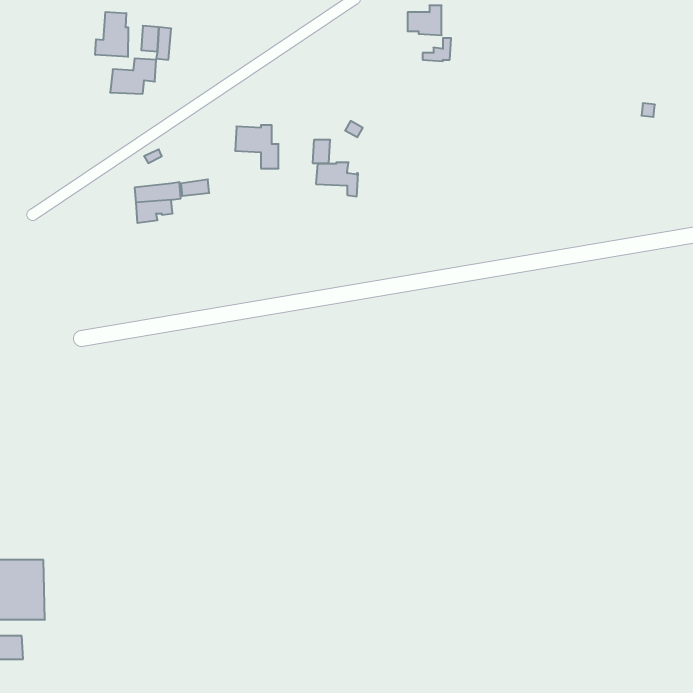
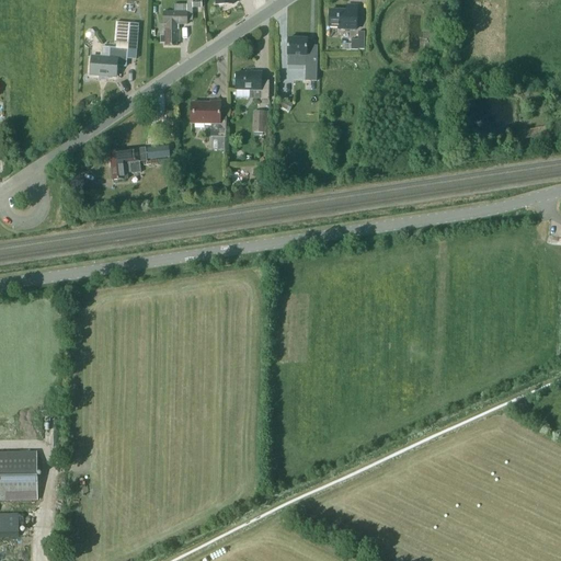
building: [95,12,128,57] -> none
building: none -> [160,11,186,45]
building: none -> [287,37,317,80]
building: [316,162,358,196] -> [234,71,268,99]

